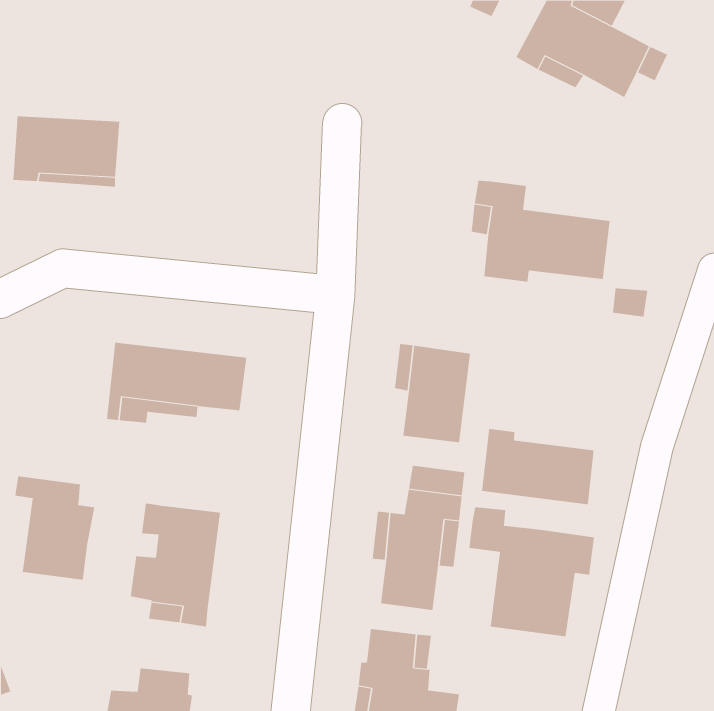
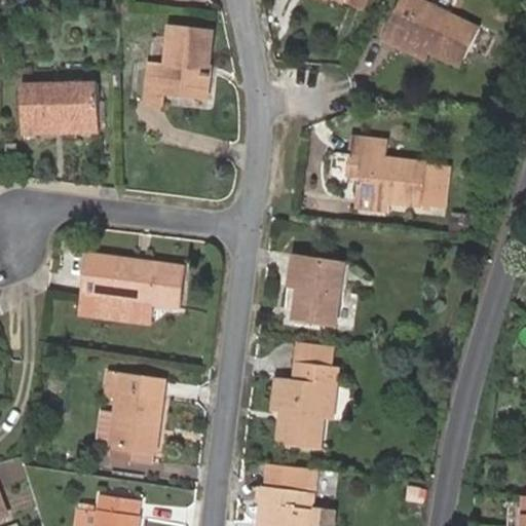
building: none -> [138,21,202,98]
building: [481,428,594,505] -> none
building: [15,476,95,580] -> none
building: [469,506,595,637] -> none

